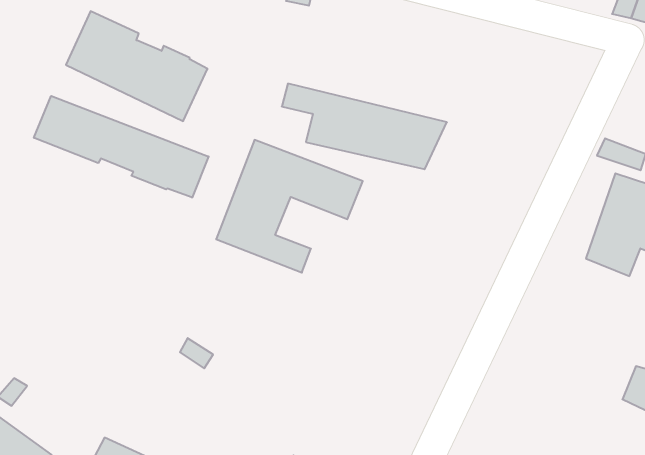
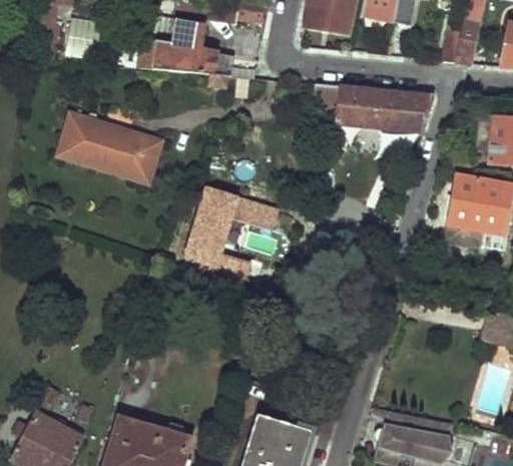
building: [282,84,447,169] -> [316,83,436,130]
building: [34,96,209,198] -> none

